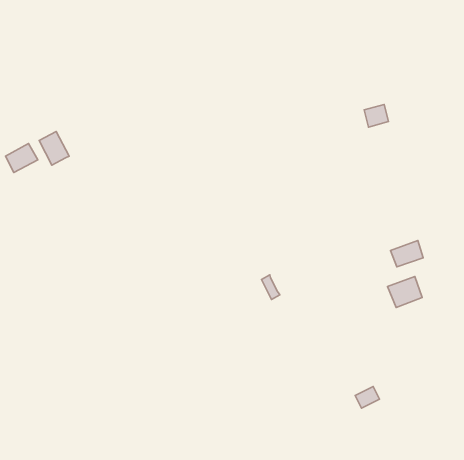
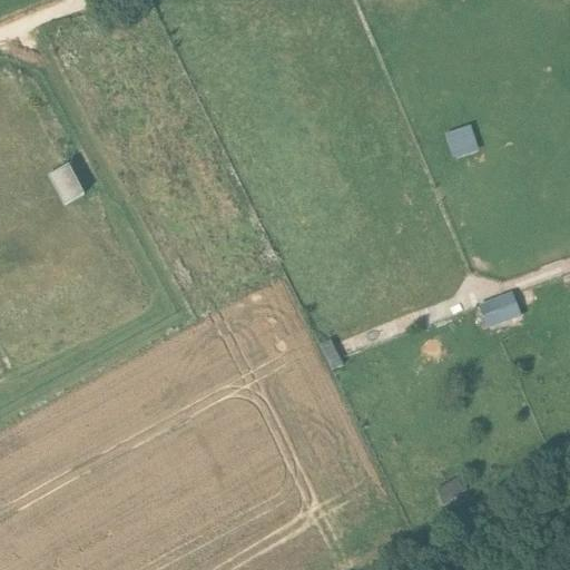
building: [6,144,38,172] -> none
building: [388,276,422,308] -> none

